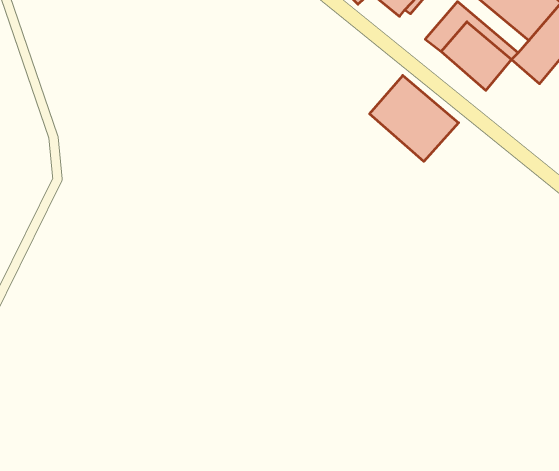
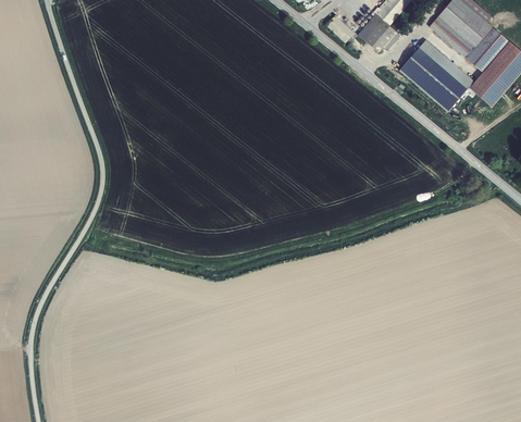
building: [370,75,459,161] -> none

